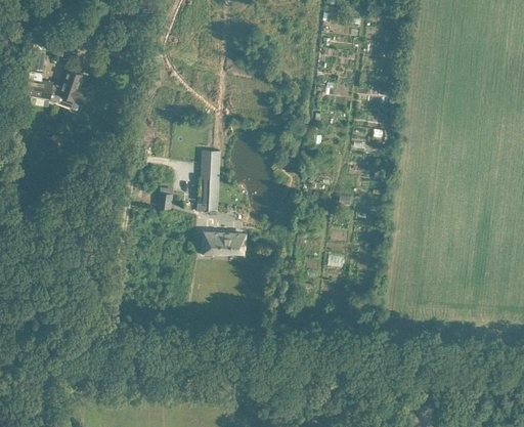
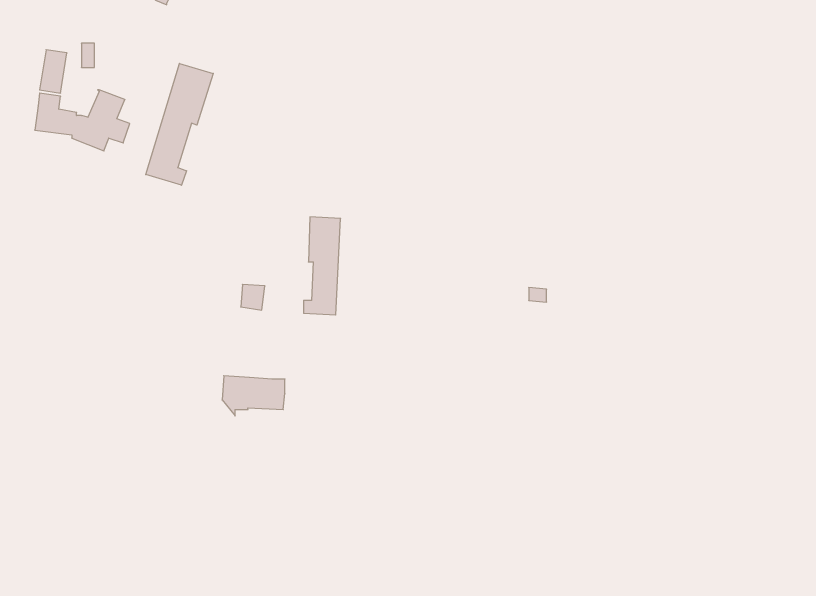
building: none -> [146,63,213,185]
building: [204,229,244,255] -> [222,376,285,416]

